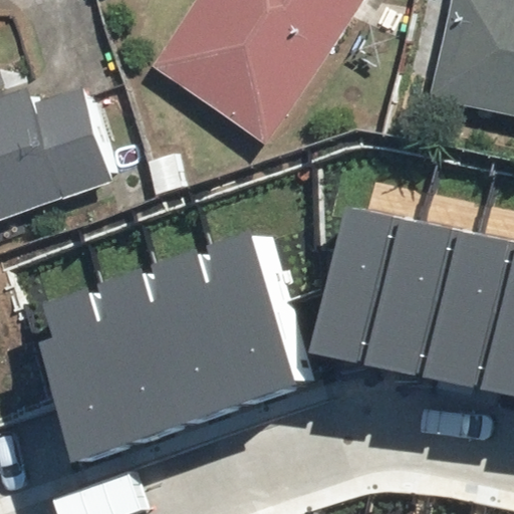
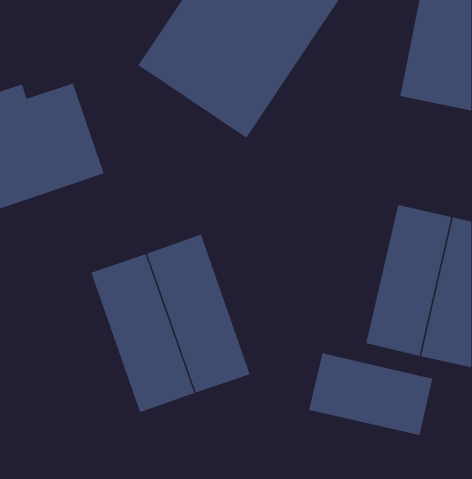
building: [331,205,424,365] -> none
building: [215,229,326,399] -> none
building: [49,290,149,460] -> none
building: none -> [309,352,433,436]

